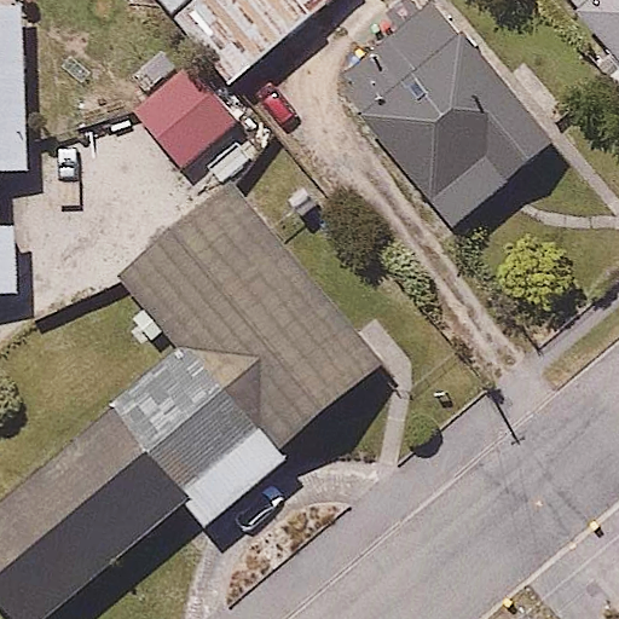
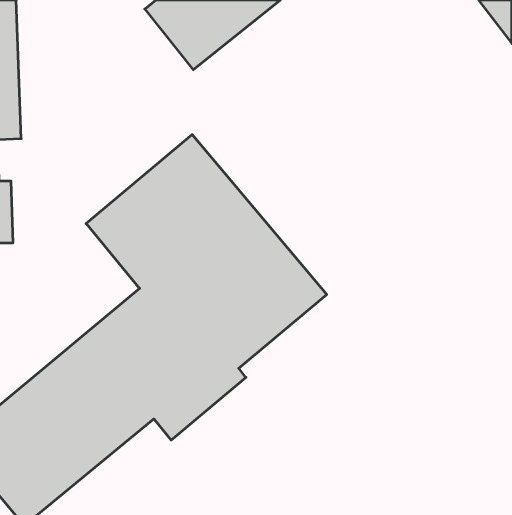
building: [349,23,546,222] -> none
building: [129,54,242,167] -> none

